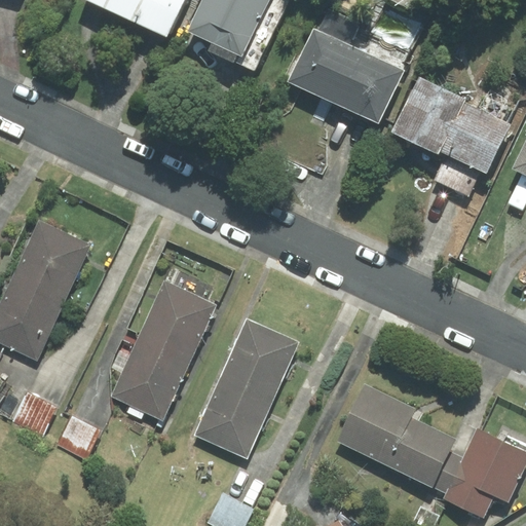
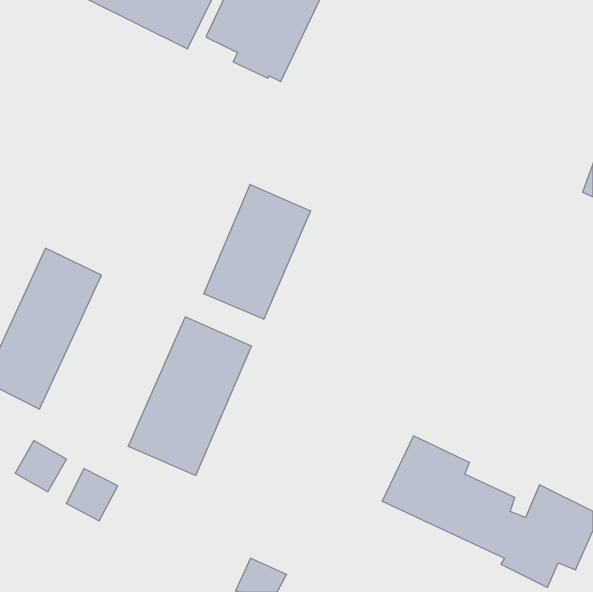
building: [284,17,412,126] -> none
building: [392,81,512,178] -> none
building: none -> [204,184,311,319]
building: [194,316,297,459] -> none

